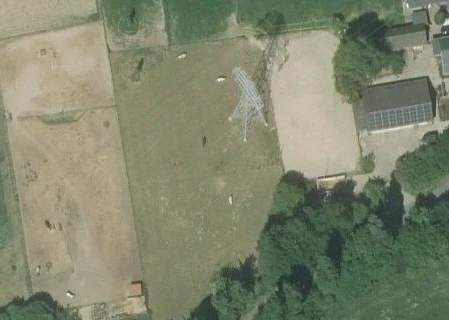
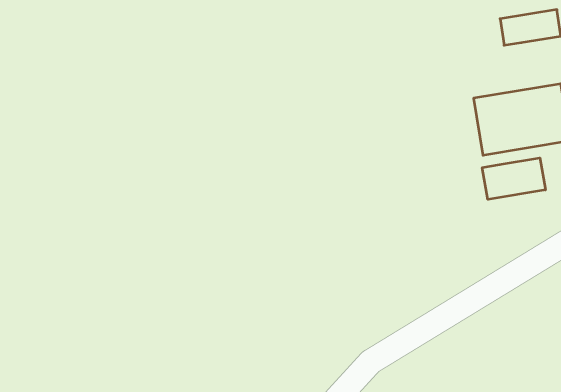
building: none -> [482,158,545,199]

